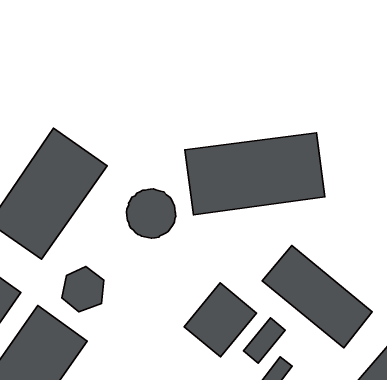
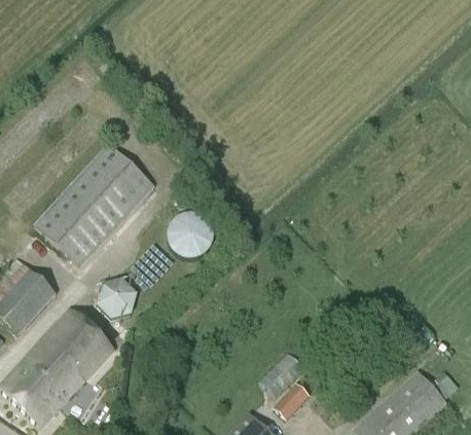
building: [185,133,325,215] -> none
building: [262,246,372,348] -> none
building: [184,283,257,357] -> none

